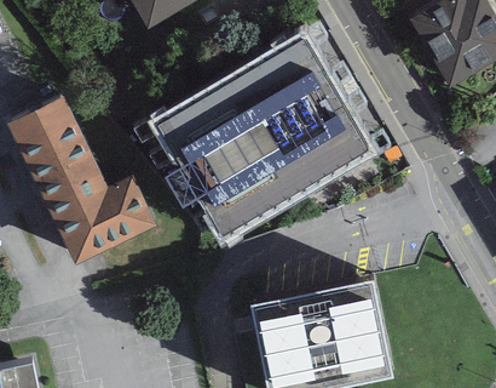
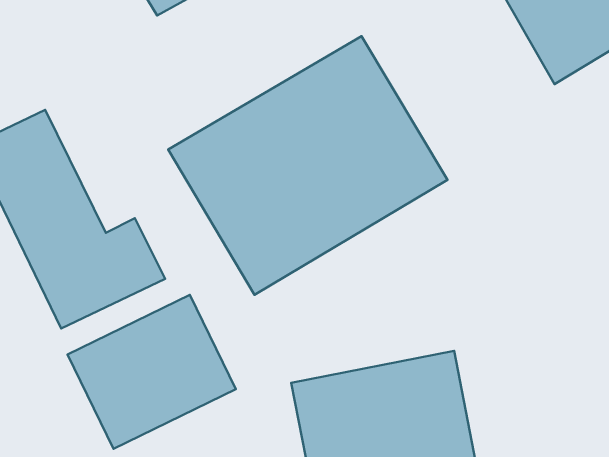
building: none -> [67,295,236,449]

